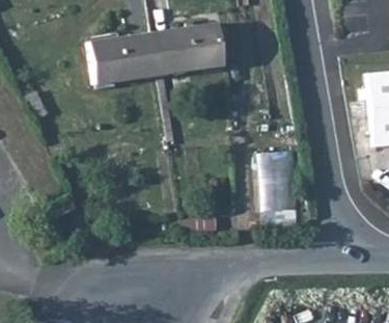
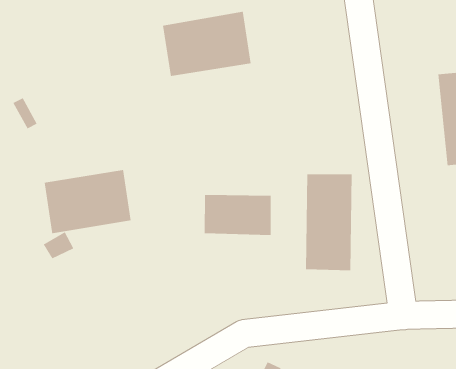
building: [84,34,154,85] -> [44,169,132,234]
building: none -> [204,194,271,236]

